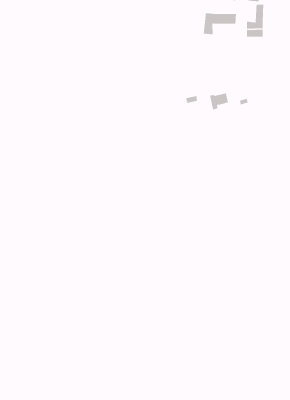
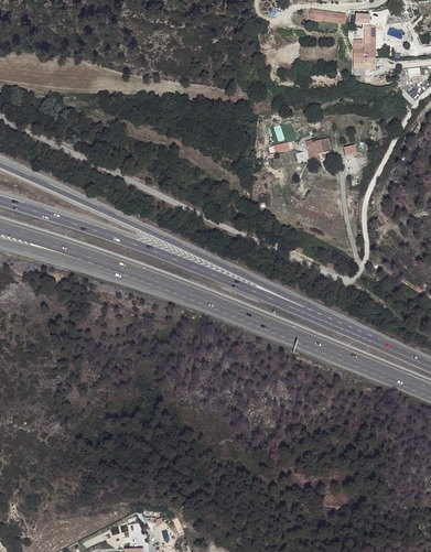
building: [203,13,237,35] -> none

